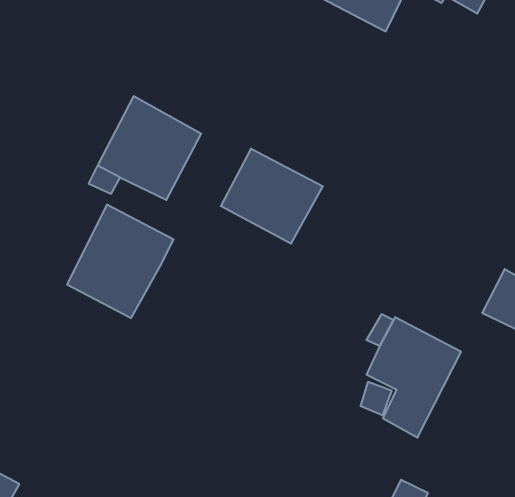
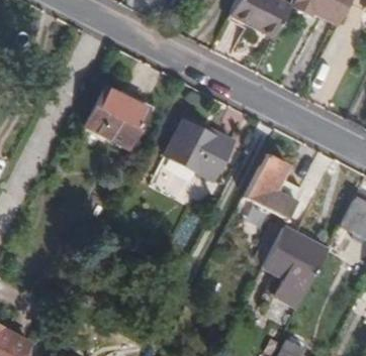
building: [67,204,174,318] -> none
building: none -> [244,154,302,223]

